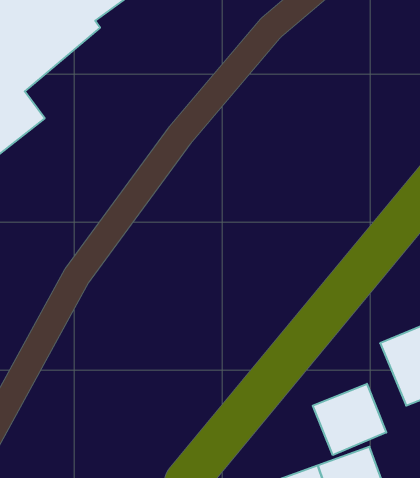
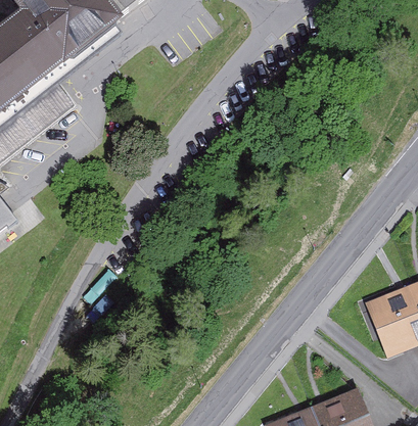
building: [313,384,386,455] -> none

